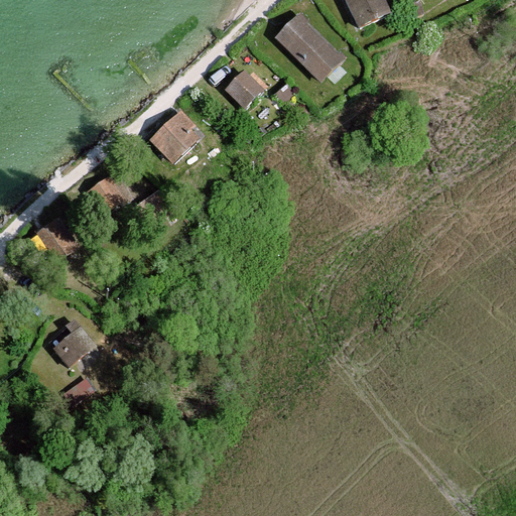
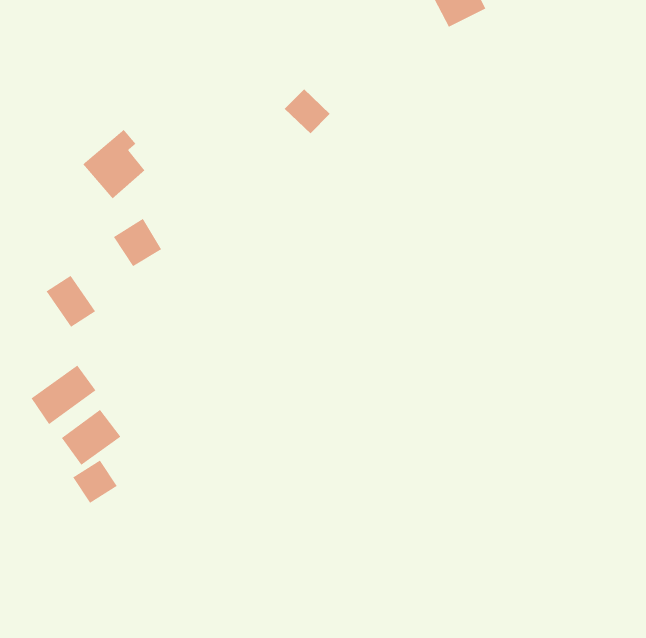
building: [279,16,339,76] -> none
building: [148,110,199,166] -> [82,129,145,200]
building: none -> [30,364,96,425]

